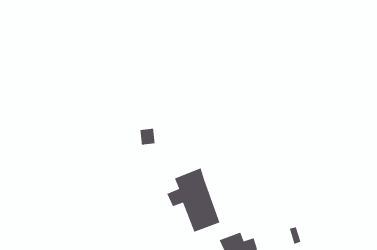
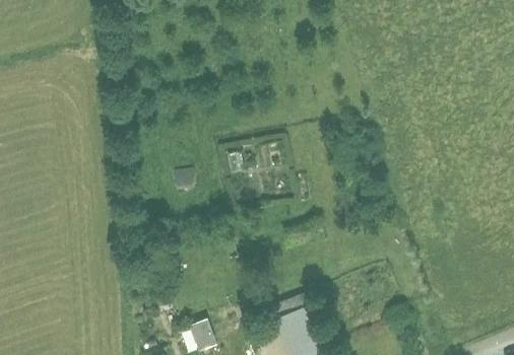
building: [166,167,220,233] -> none

